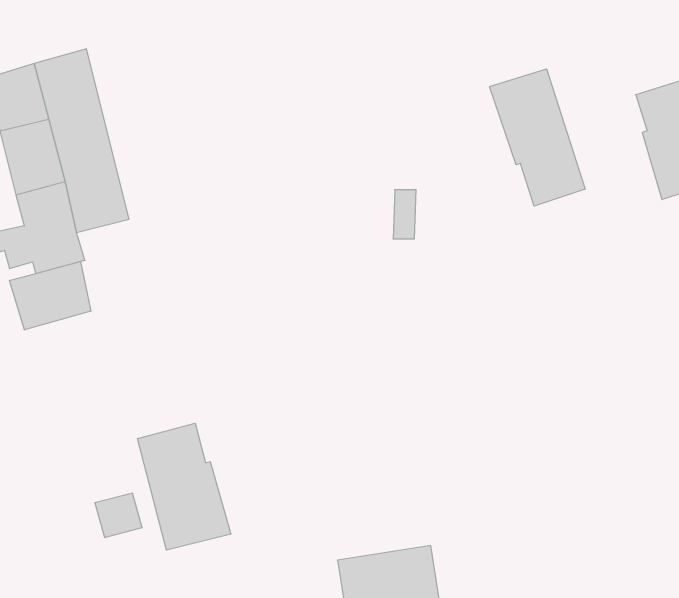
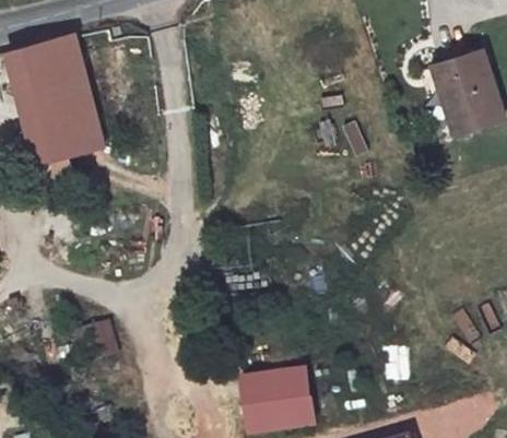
building: [489,69,585,206] -> none
building: [9,261,91,330] -> none
building: [138,423,231,550] -> none

